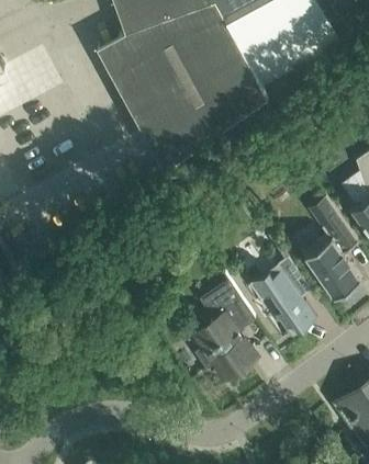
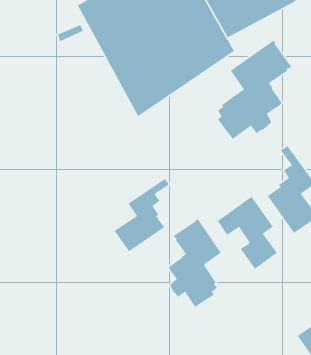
building: none -> [217,39,292,140]
building: none -> [113,178,170,252]

